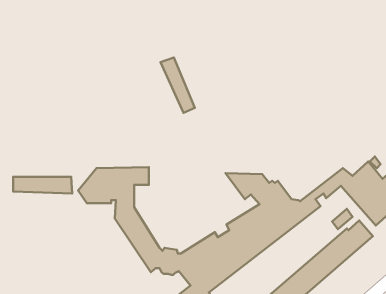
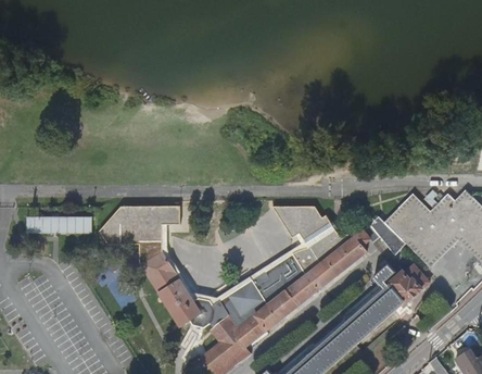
building: [161,57,195,113] -> none

